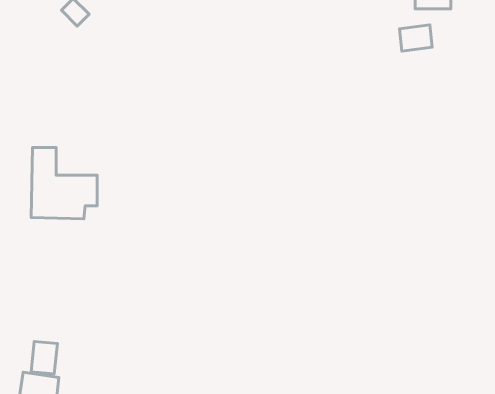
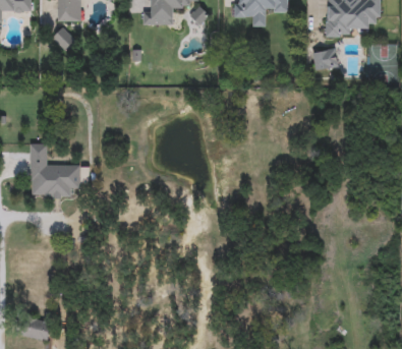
building: [31,341,58,374] -> none

